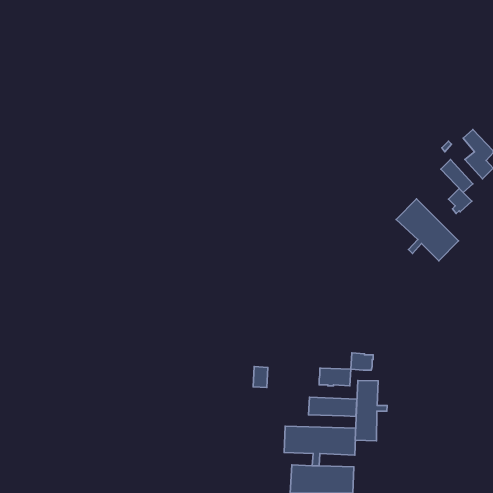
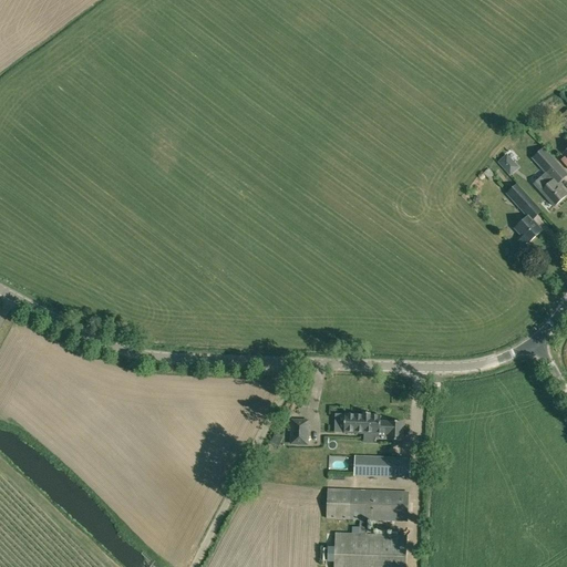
building: [396,199,459,261] -> none
building: [351,353,373,370] -> [342,414,368,434]
building: [355,380,387,441] -> none

